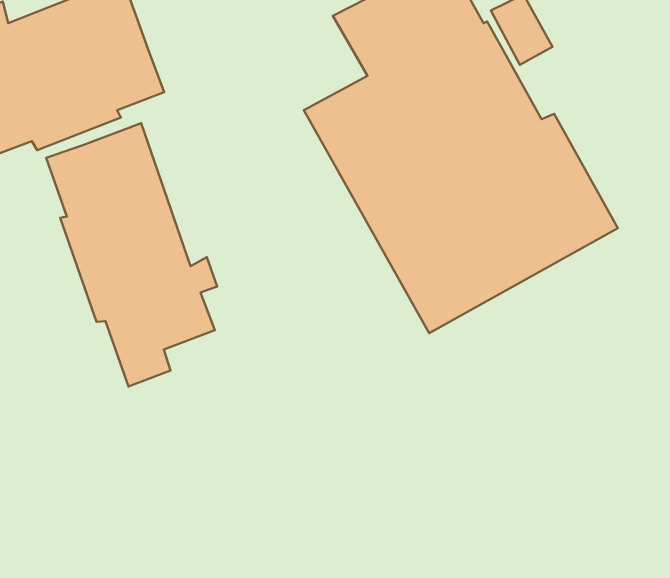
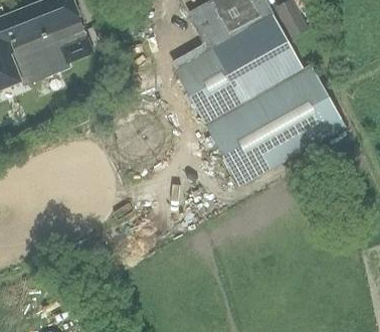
building: [46,123,217,386] -> none

